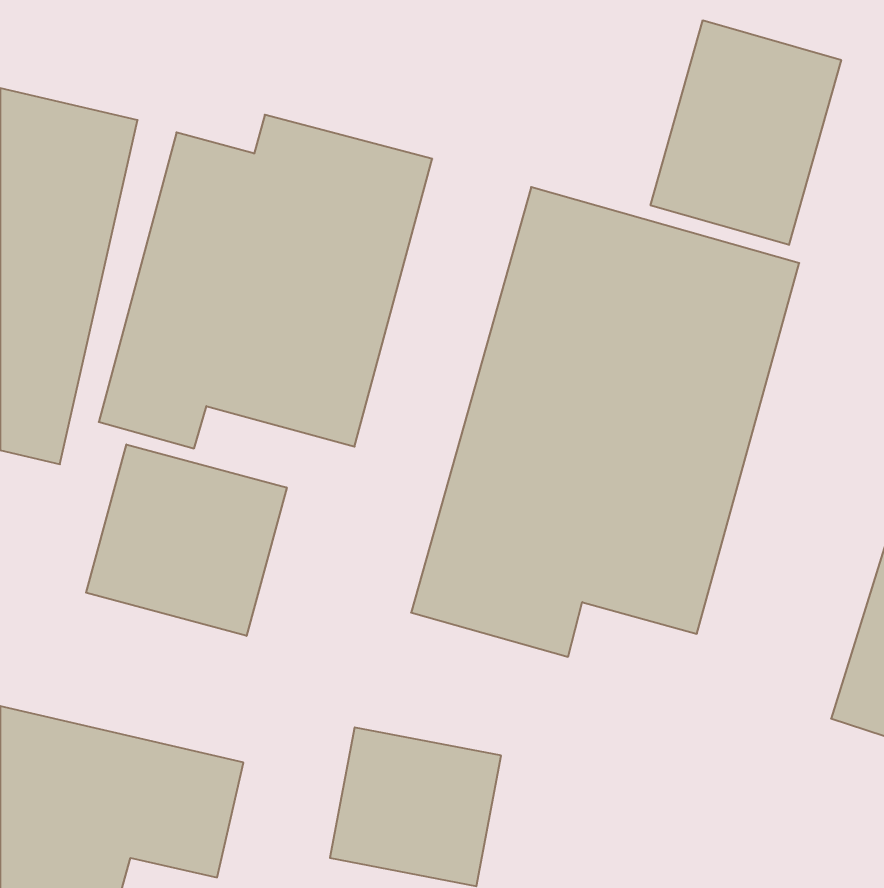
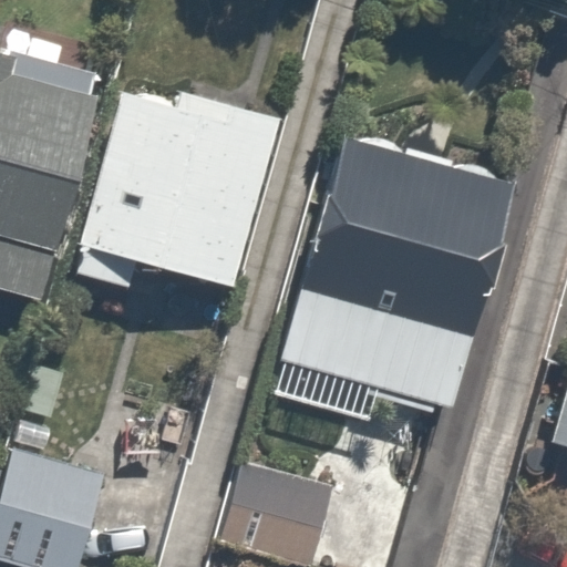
building: [651,20,841,245] -> none
building: [86,444,287,636] -> none

